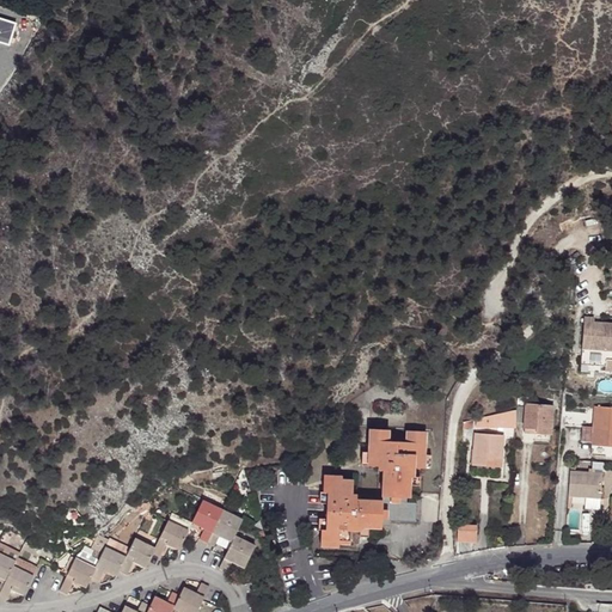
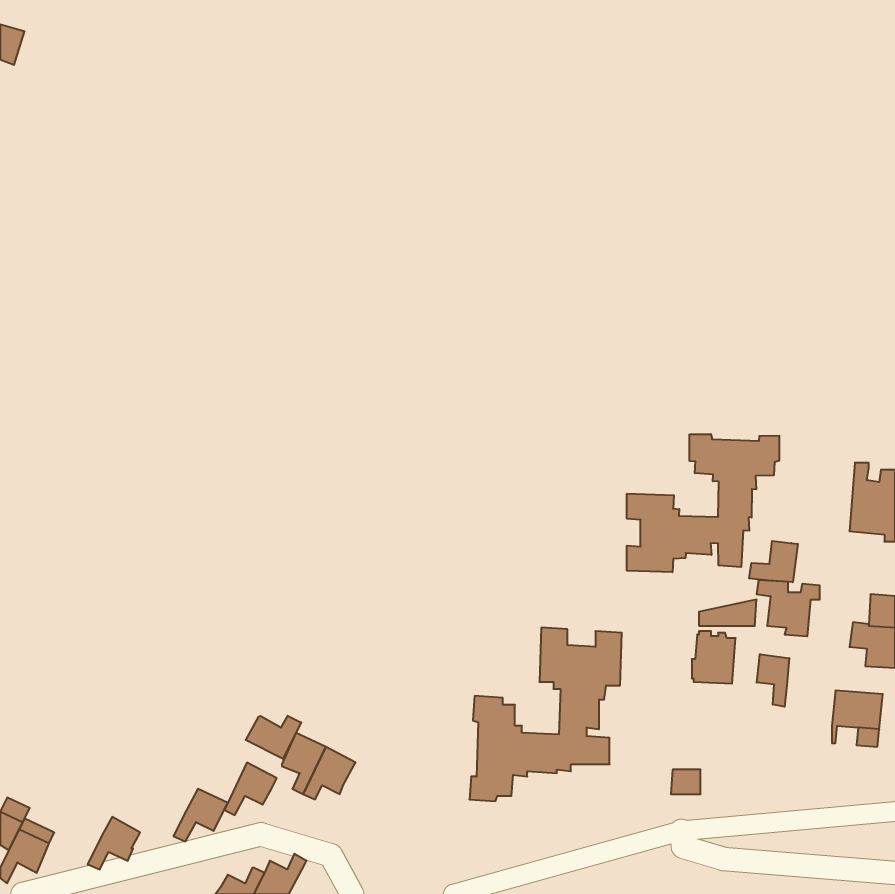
building: none -> [627,434,779,572]
building: none -> [749,541,798,582]
building: none -> [757,654,789,707]
building: none -> [246,716,301,759]
building: [219,536,255,571] -> none
building: [90,546,126,582] -> none

